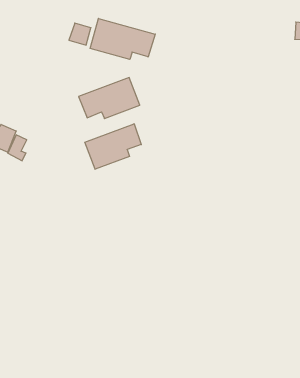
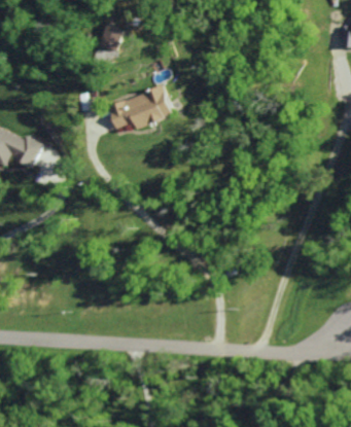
building: [90,18,155,59] -> none
building: [85,124,141,169] -> none

